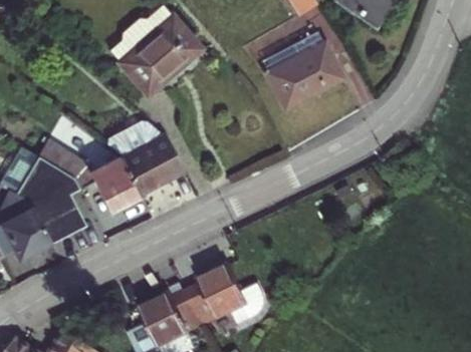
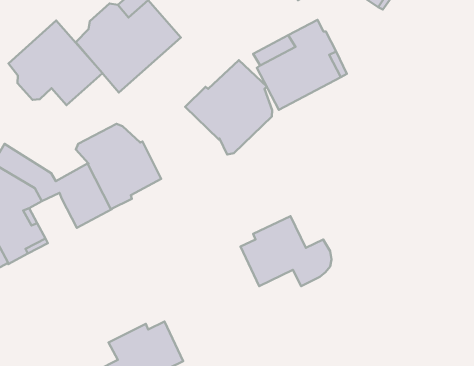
building: none -> [9,20,102,105]
building: none -> [185,60,272,154]
building: [186,265,264,325] -> [240,216,331,286]

